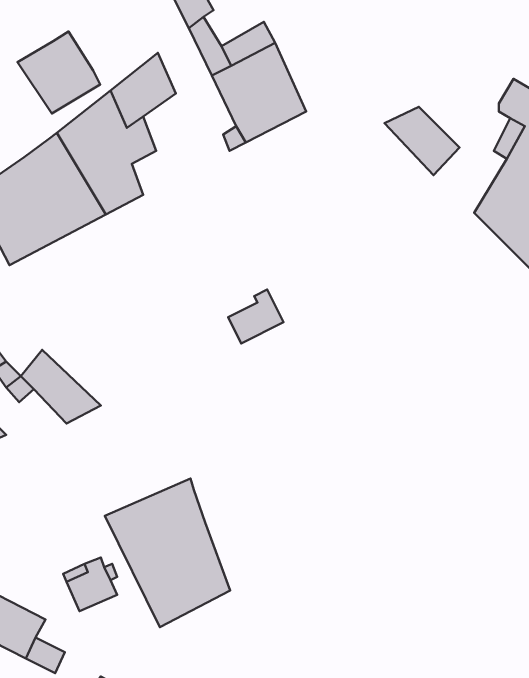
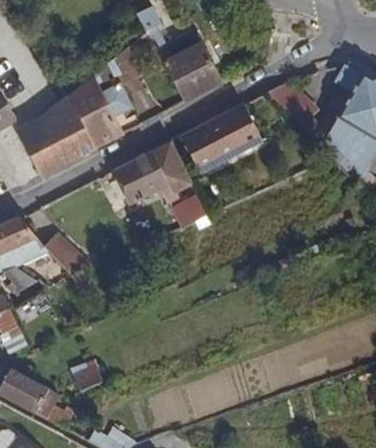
building: [18,31,100,113] -> none
building: none -> [182,104,263,171]
building: none -> [113,142,193,204]
building: [105,478,230,627] -> none

